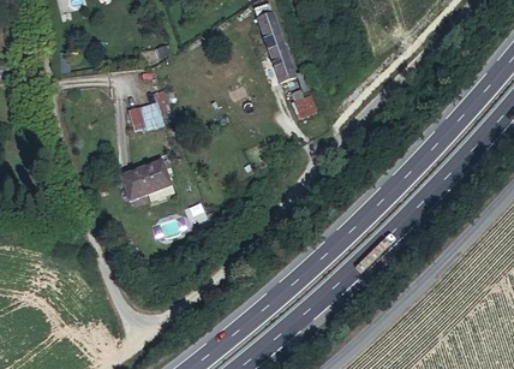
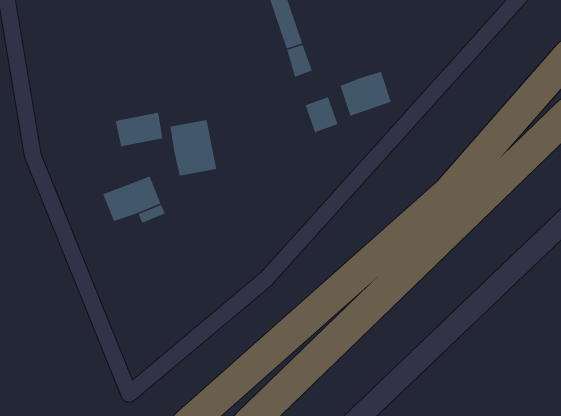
building: none -> [340,71,392,117]
building: none -> [169,119,217,176]

